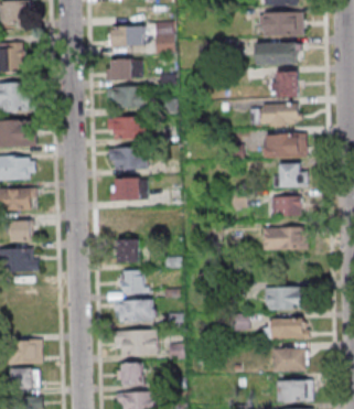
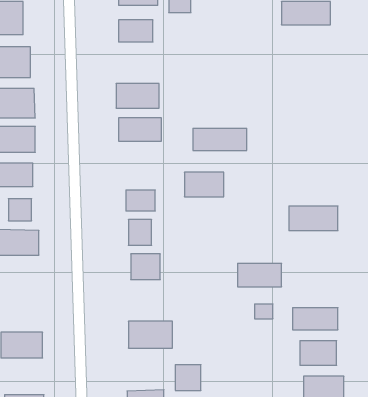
building: [272,72,299,97] -> none
building: [107,87,146,108] -> none
building: [251,105,300,125] -> [193,128,247,150]
building: [264,134,307,157] -> none
building: [273,164,307,186] -> none
building: [110,179,146,201] -> [184,172,224,197]
building: [272,196,301,216] -> none
building: [264,288,303,309] -> [238,263,282,287]
building: [115,300,154,321] -> none
building: [119,363,142,386] -> [175,365,201,390]
building: [10,369,39,388] -> none

